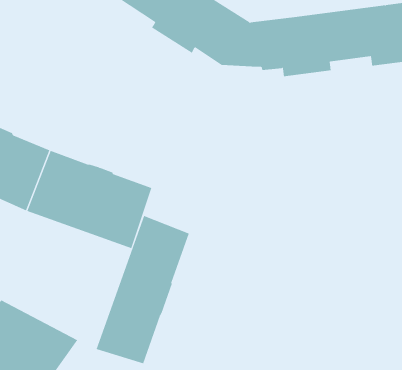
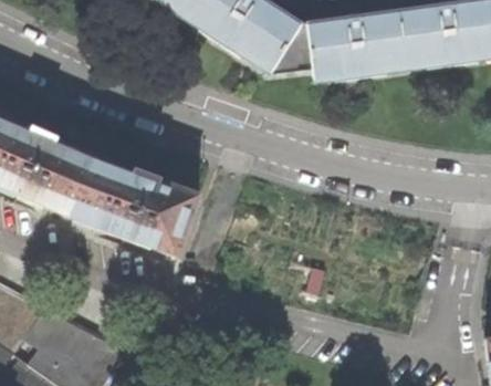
building: [96,215,189,364] -> none

